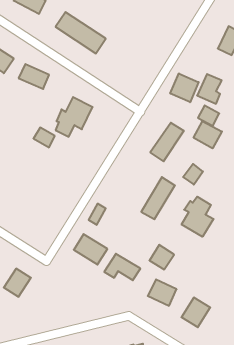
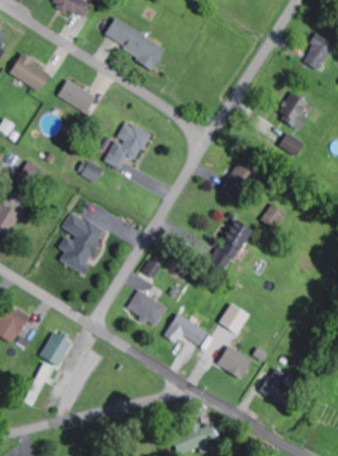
building: [170,73,199,102] -> none
building: [194,121,222,148] -> none
building: none -> [58,211,106,276]
building: [182,197,214,237] -> none

